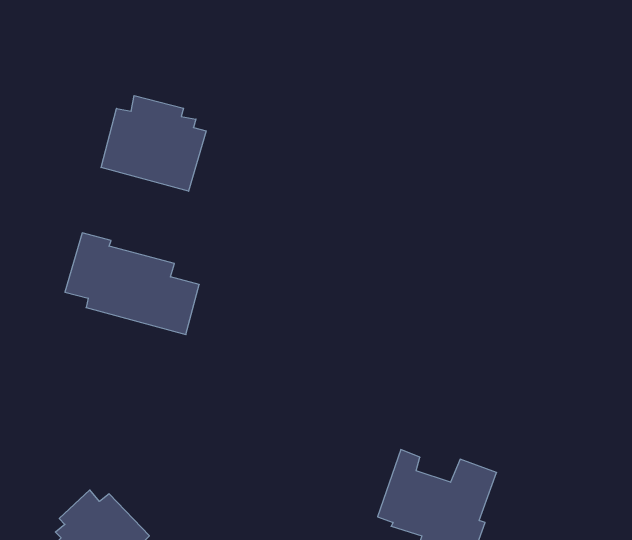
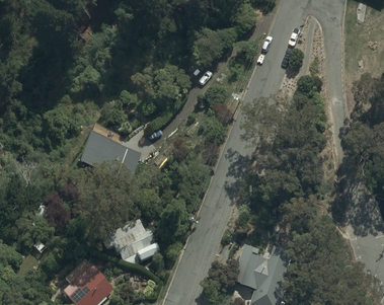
building: [101,96,206,191] -> none
building: none -> [105,212,160,262]

